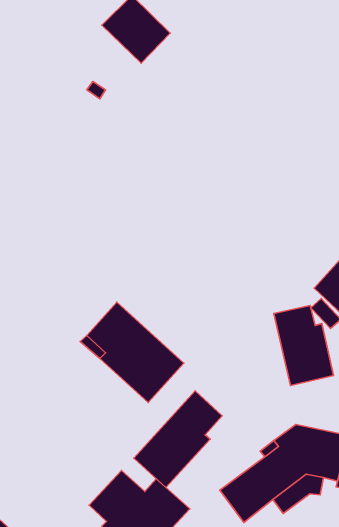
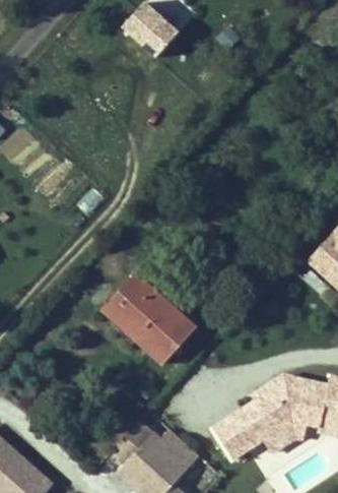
building: [274,306,334,385] -> none
building: [134,391,222,487] -> none

